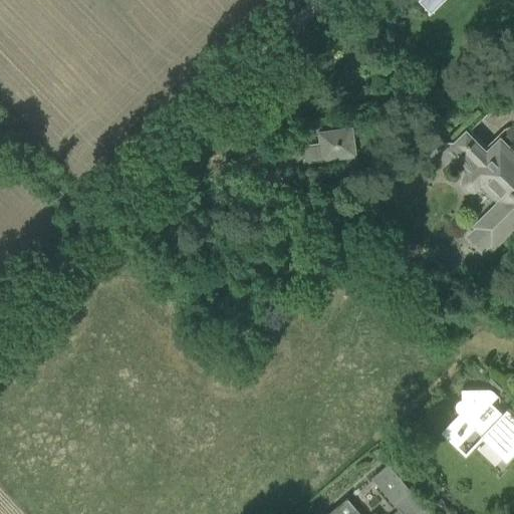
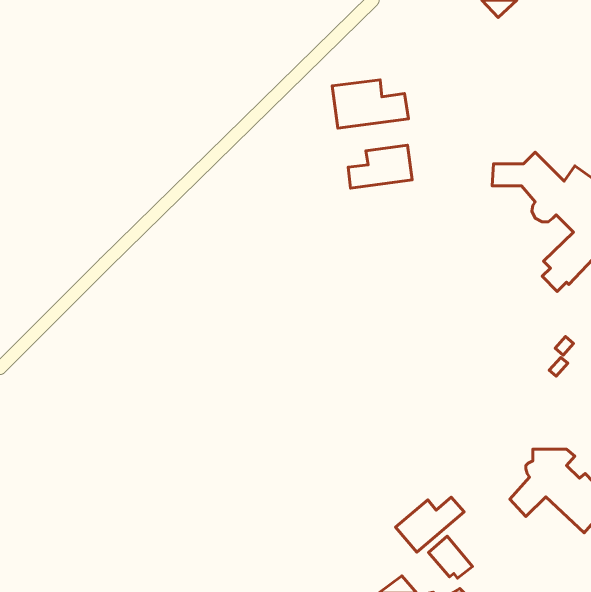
building: none -> [332,80,408,128]
building: none -> [396,497,464,552]

